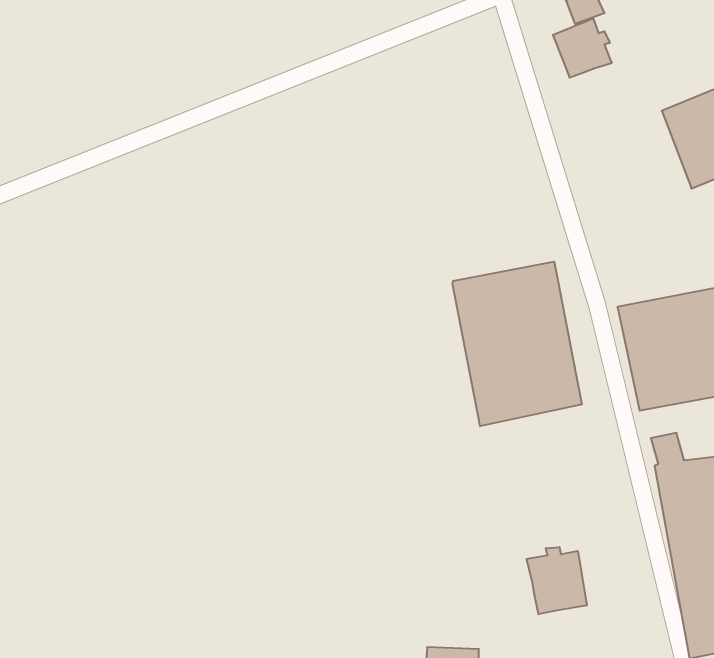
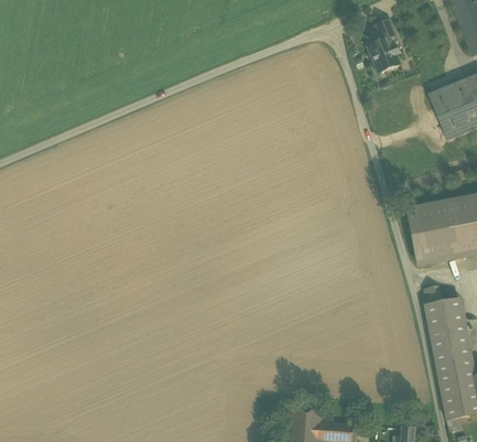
building: [452,262,582,426] -> none
building: [526,547,587,614] -> none

